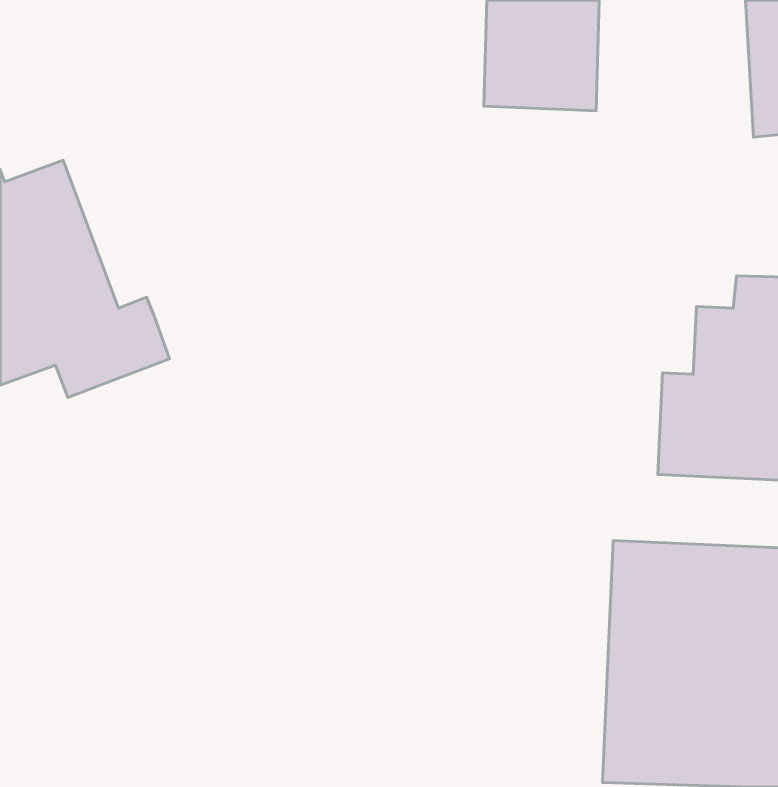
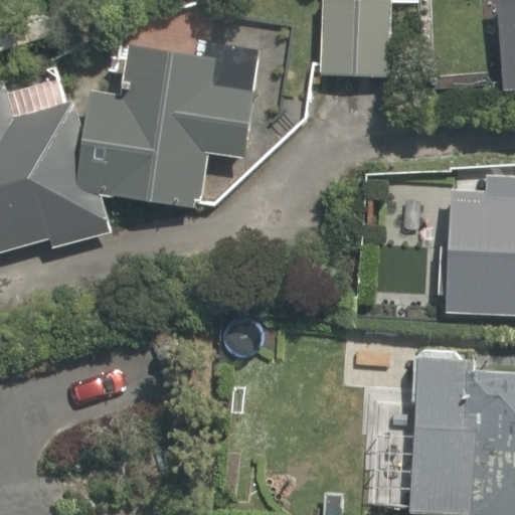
building: none -> [74,48,251,197]

